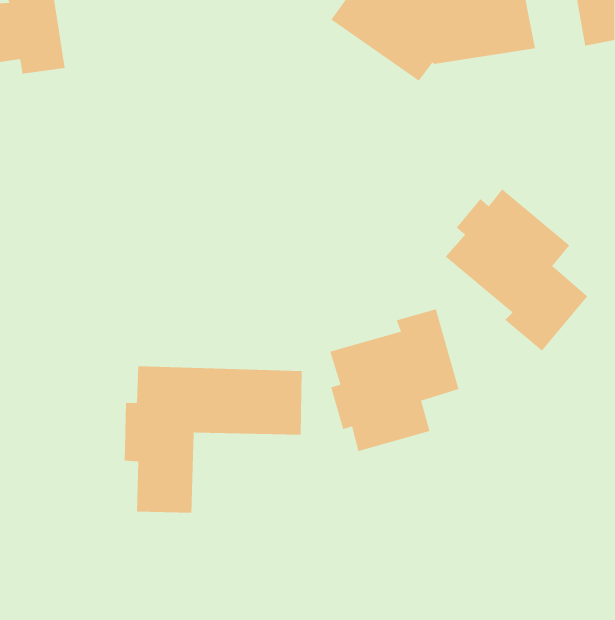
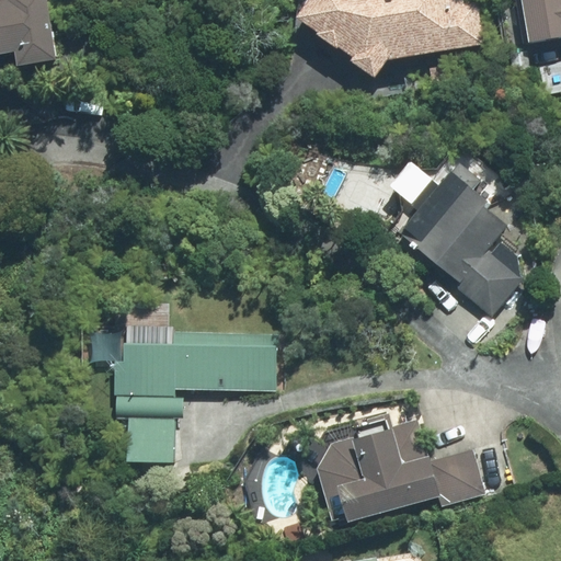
building: [330,309,459,452] -> none
building: none -> [312,417,483,527]

